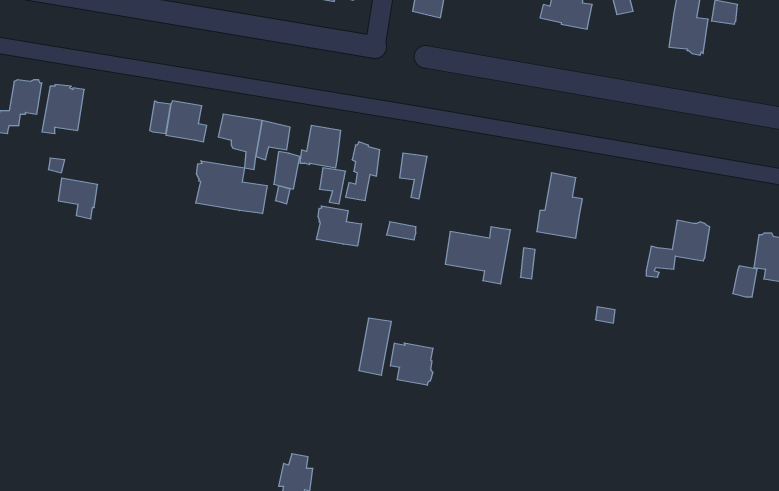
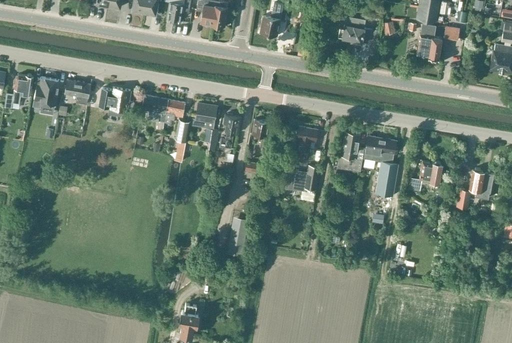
building: [196,161,267,214] -> none
building: none -> [295,127,317,159]
building: [58,178,98,219] -> [65,80,89,105]
building: none -> [364,136,398,196]
building: [317,206,362,246] -> none
building: [390,343,433,385] -> none

